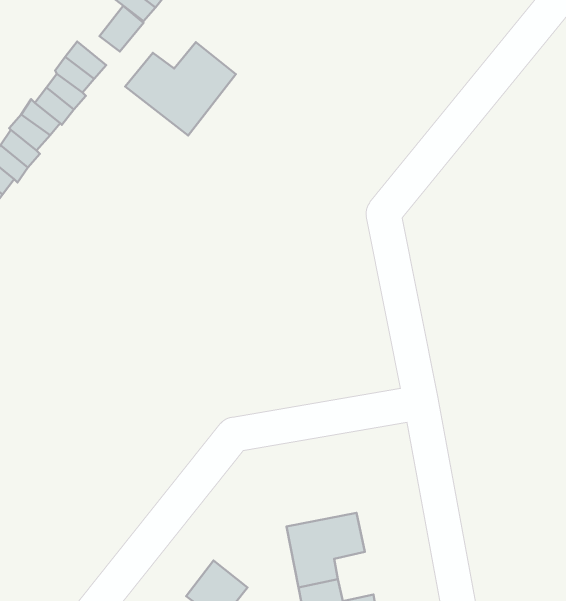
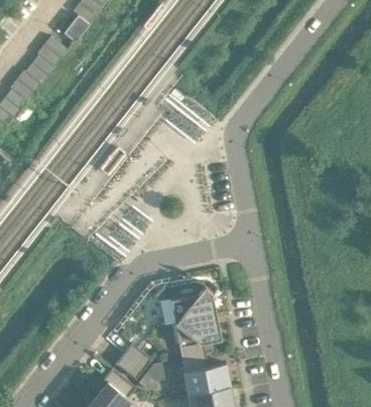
building: [125,42,236,135] -> none
building: none -> [159,287,215,326]

